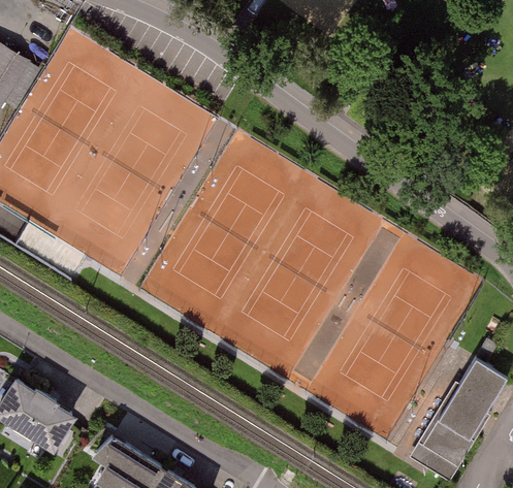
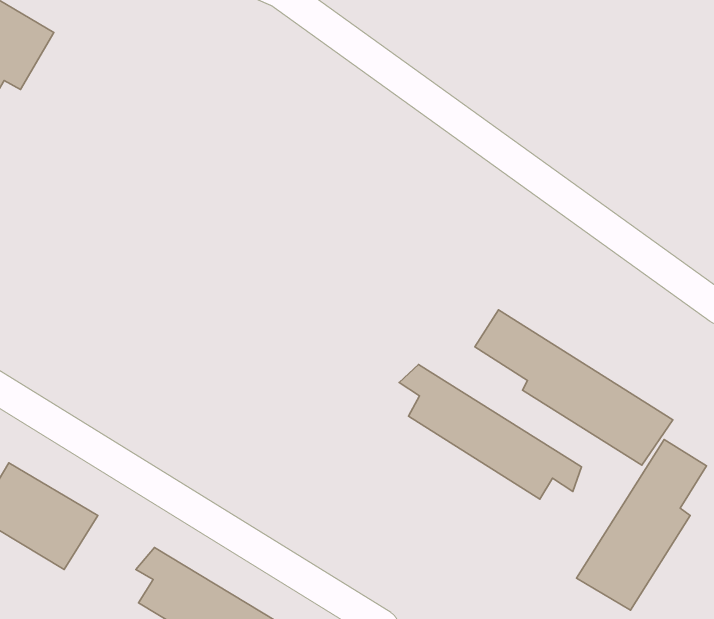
building: none -> [475,310,673,465]
building: none -> [399,364,581,499]

